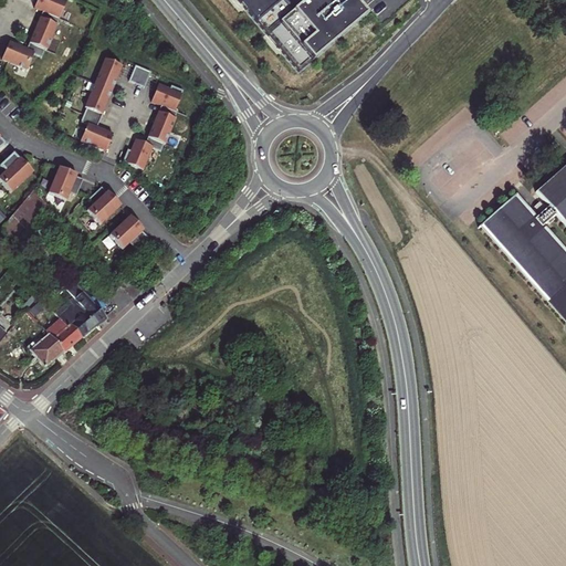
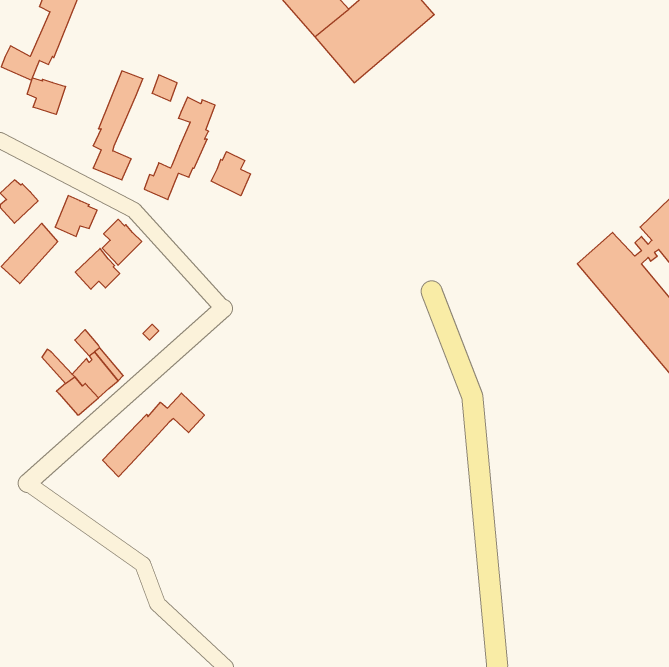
building: none -> [27,78,66,114]
building: none -> [211,152,250,196]
building: [109,213,147,248] -> [75,248,120,289]
building: none -> [103,393,204,477]
building: [31,332,66,365] -> none

